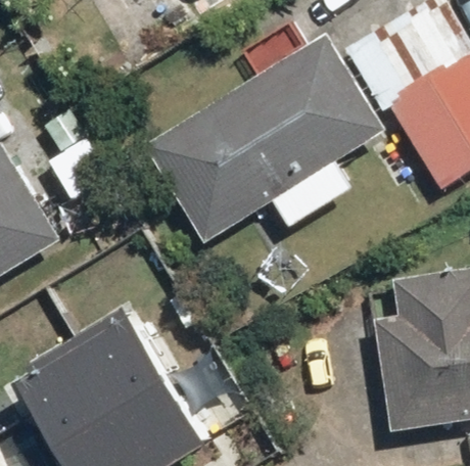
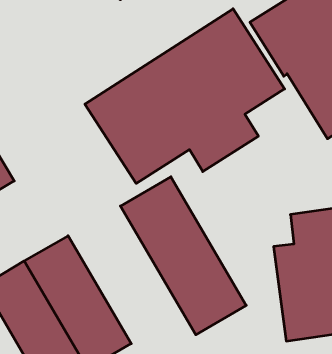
building: none -> [120,177,246,335]

